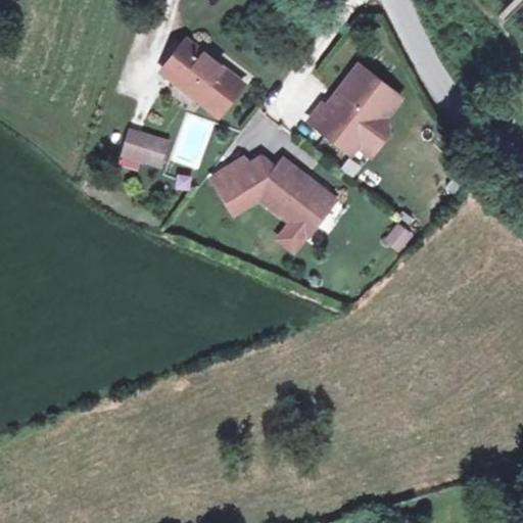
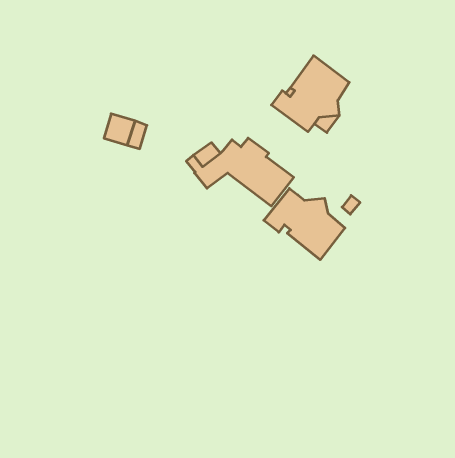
building: [161,40,243,115] -> none
building: none -> [264,188,345,260]

